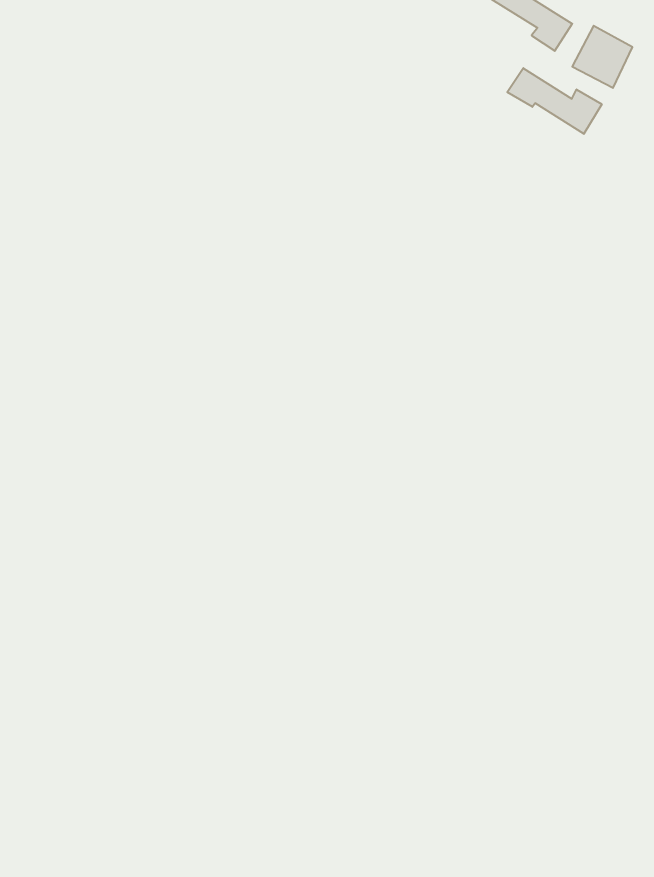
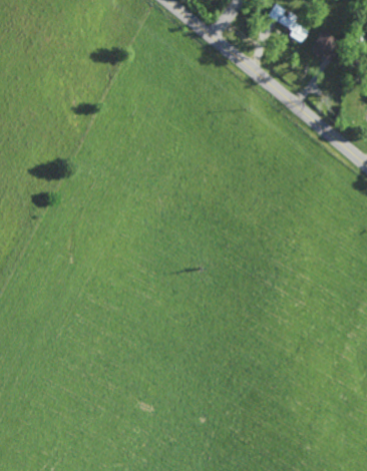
building: [507,68,602,134] -> none

